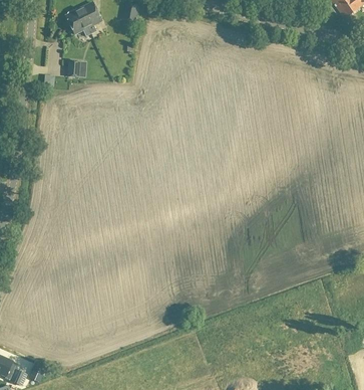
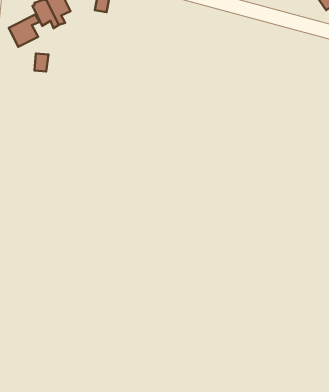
building: none -> [9,15,40,47]

